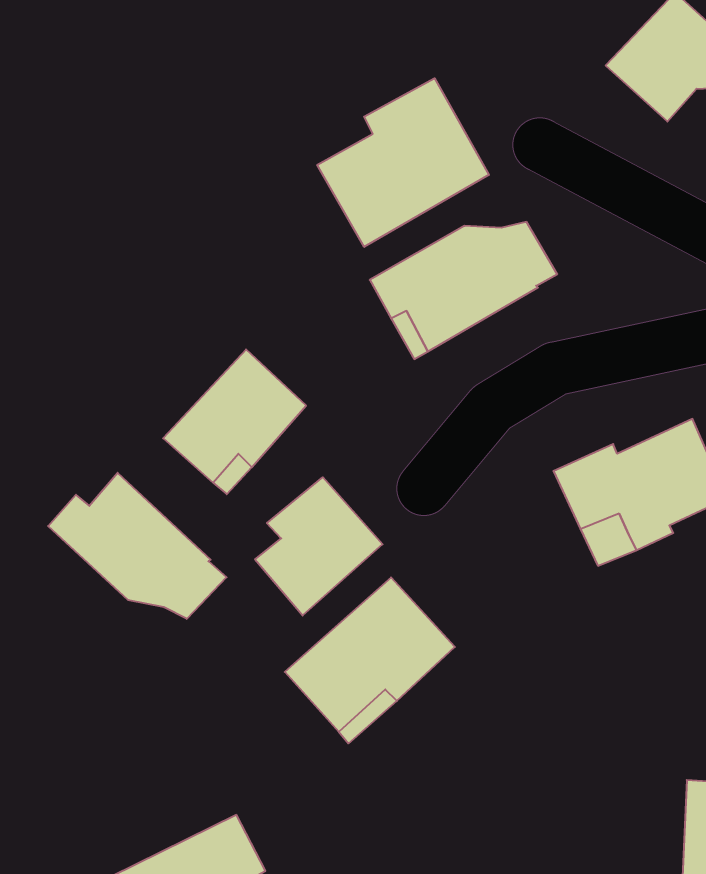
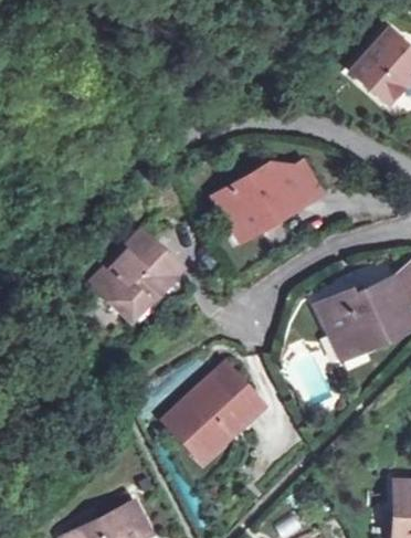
building: [317,78,489,247] -> none
building: [48,473,227,619] -> none
building: [255,477,383,616] -> none

